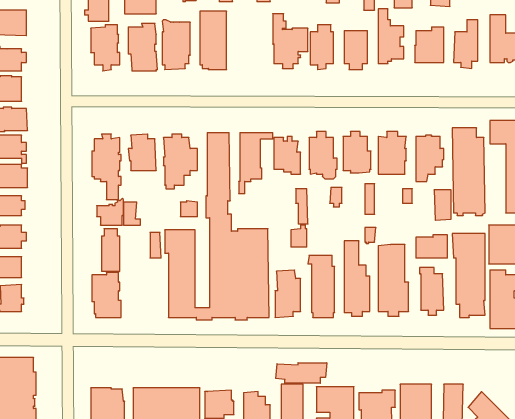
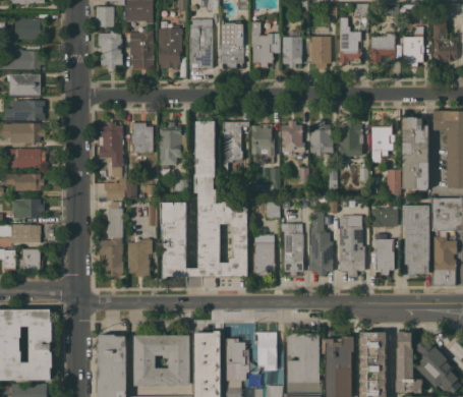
building: none -> [220,23,244,67]
building: none -> [128,238,153,276]
building: [276,363,327,383] -> none

